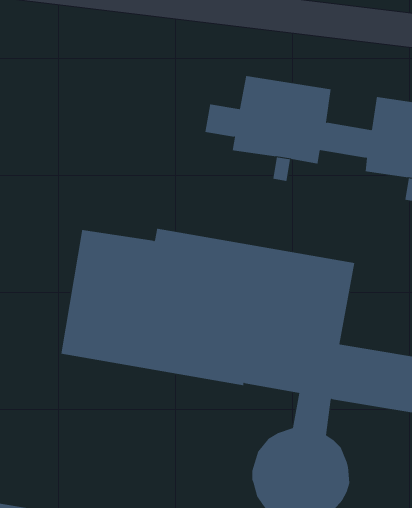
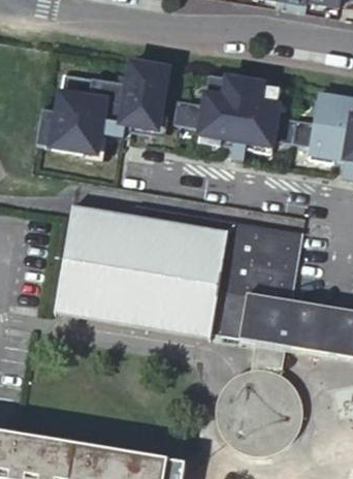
building: none -> [40,63,170,155]

